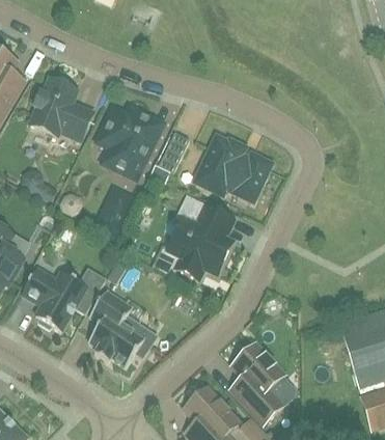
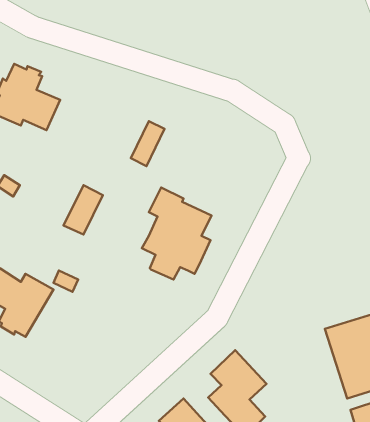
building: [100,108,160,174] -> none
building: [195,136,270,198] -> none
building: [87,290,156,366] -> none

